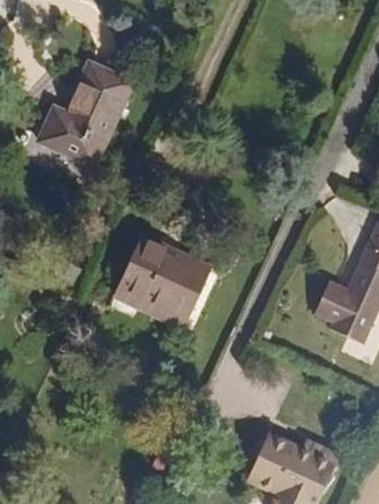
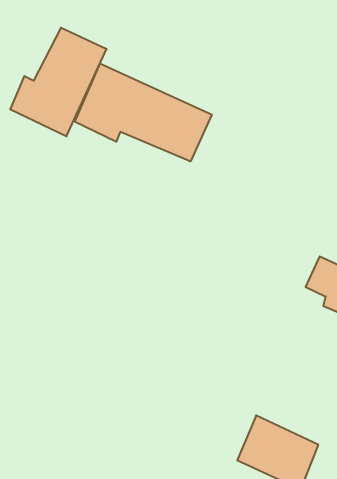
building: none -> [75,63,212,161]
building: [114,241,209,324] -> none

